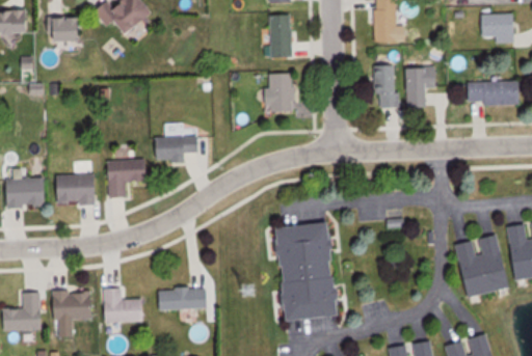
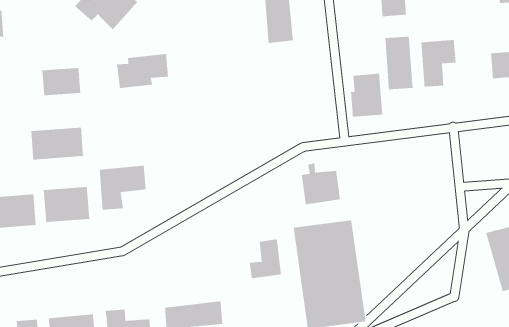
building: [49,16,83,39] -> [41,67,81,96]
building: [264,74,292,112] -> [350,73,383,118]
building: none -> [30,127,84,160]
building: [153,131,200,160] -> [116,53,169,89]
building: none -> [301,163,341,205]
building: none -> [249,239,282,279]

